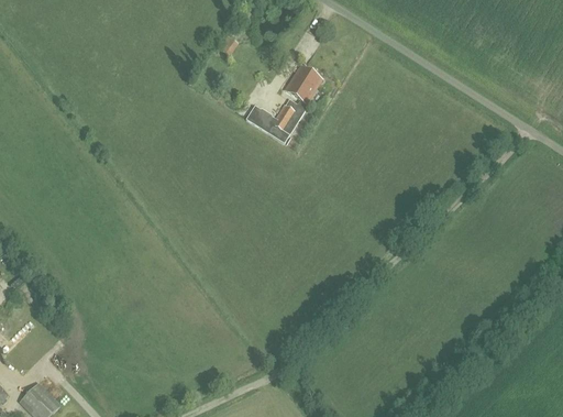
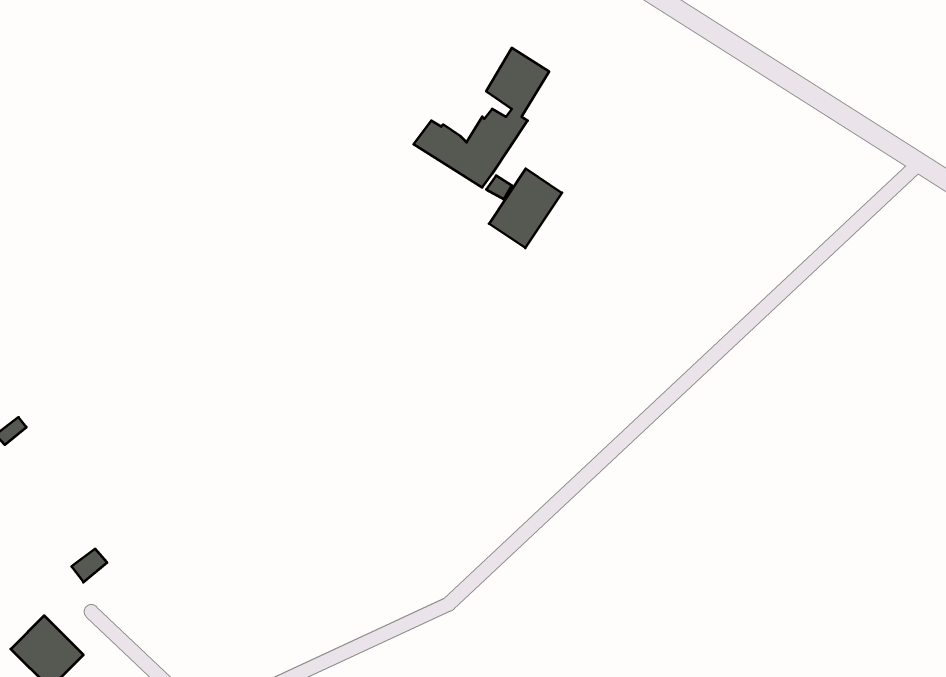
building: none -> [489,169,562,248]

